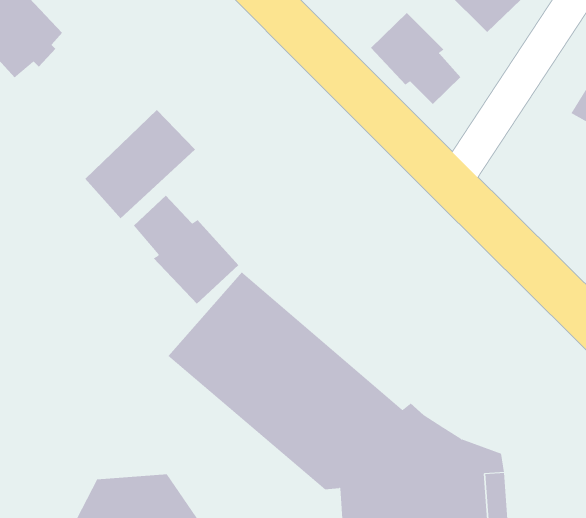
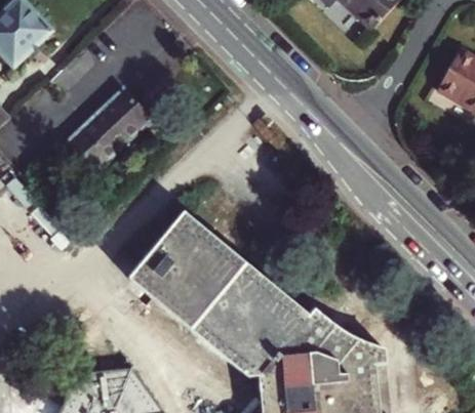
building: [370,12,461,105] -> none
building: [133,195,239,304] -> none

